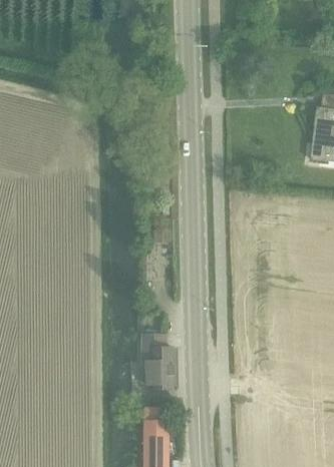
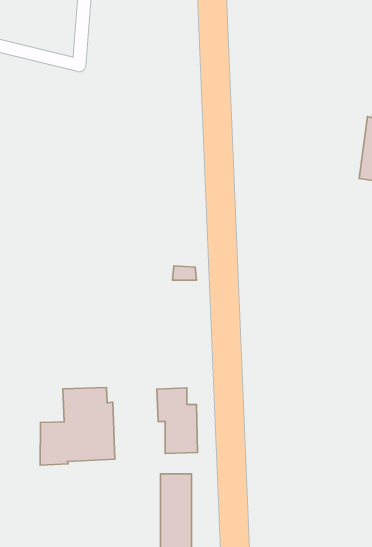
building: none -> [40,387,115,465]

